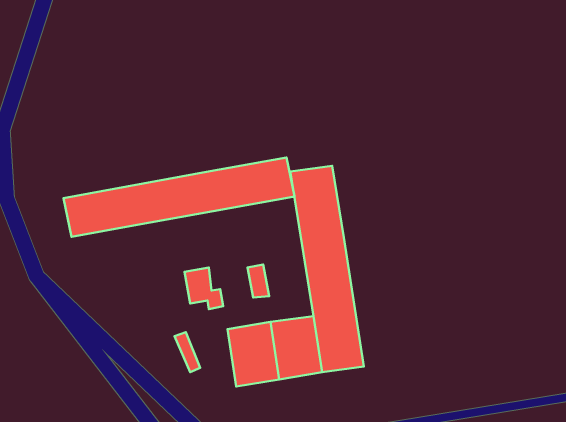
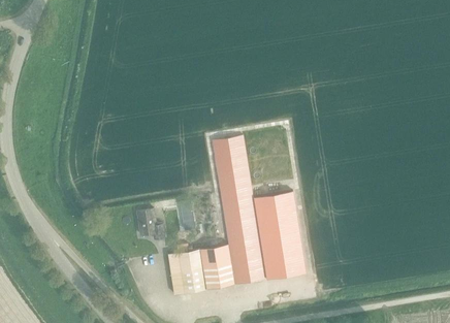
building: [63,157,294,237] -> none
building: none -> [253,192,304,280]

